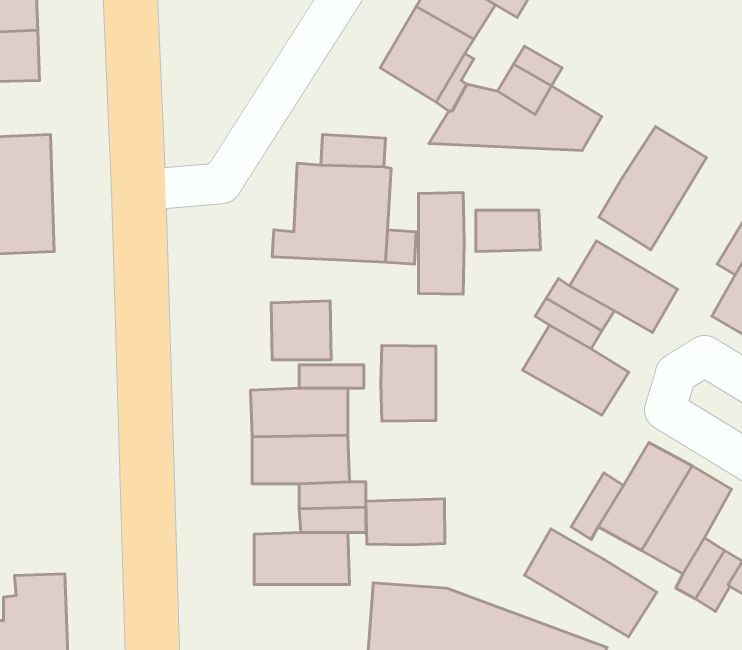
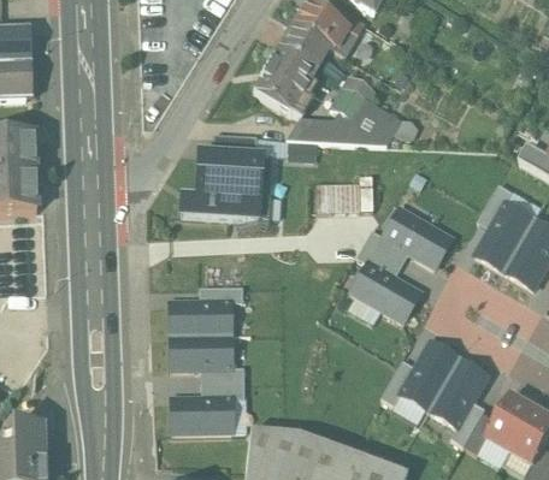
building: [599,127,706,250] -> none
building: [418,192,464,294] -> none
building: [271,301,331,360] -> none
building: [381,346,436,421] -> none
building: [366,499,445,545] -> none
building: [525,529,657,637] -> none

